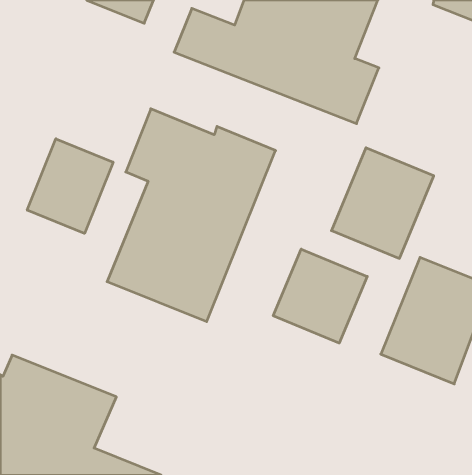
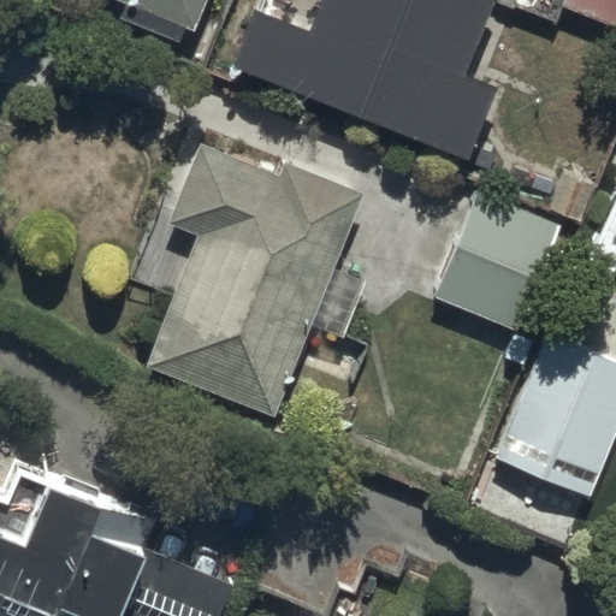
building: [27,139,113,233] -> none
building: [273,249,367,343] -> none

